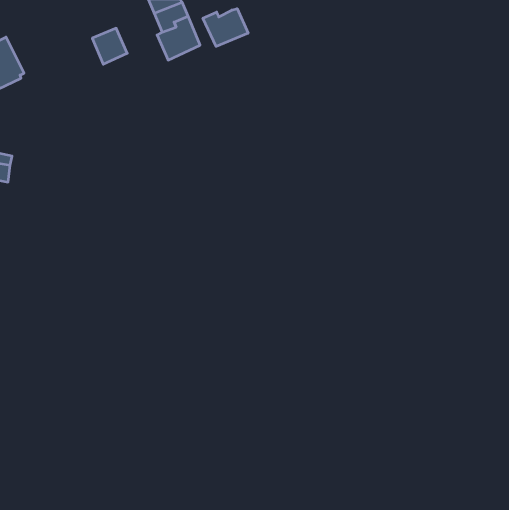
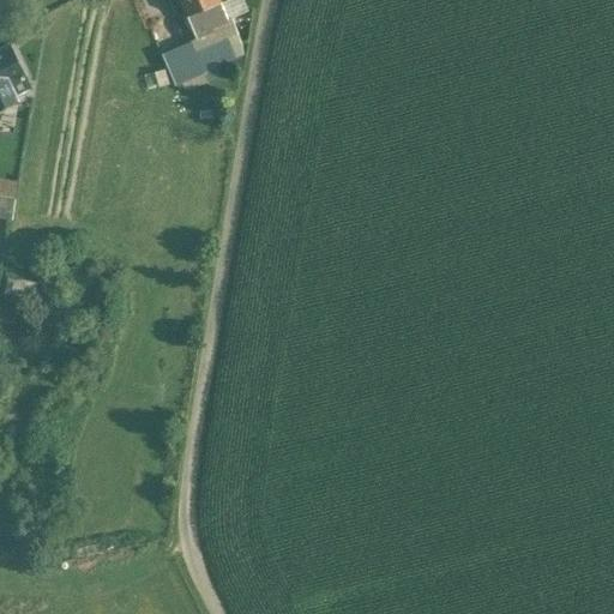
building: [203,9,248,46] -> none
building: [92,28,127,64] -> [159,42,201,85]

